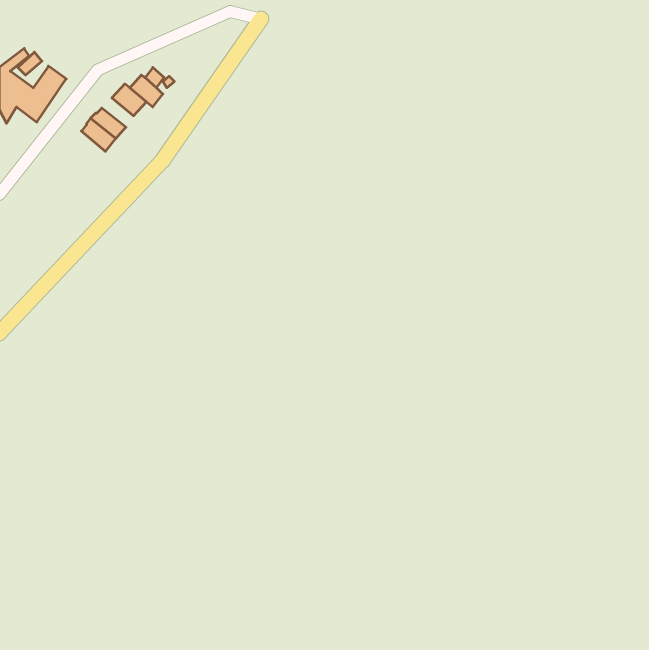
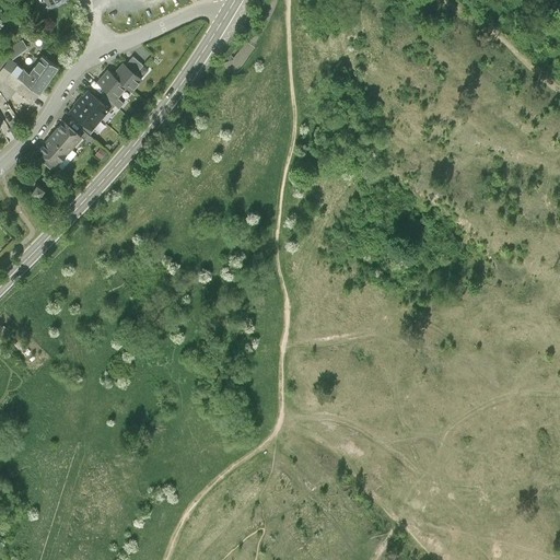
building: none -> [37,124,80,166]

